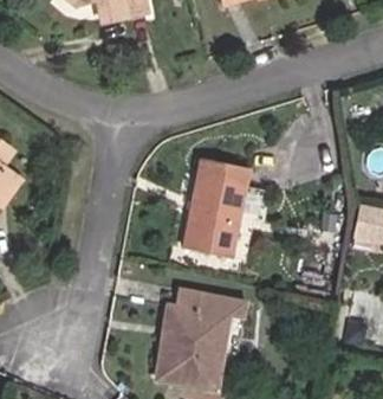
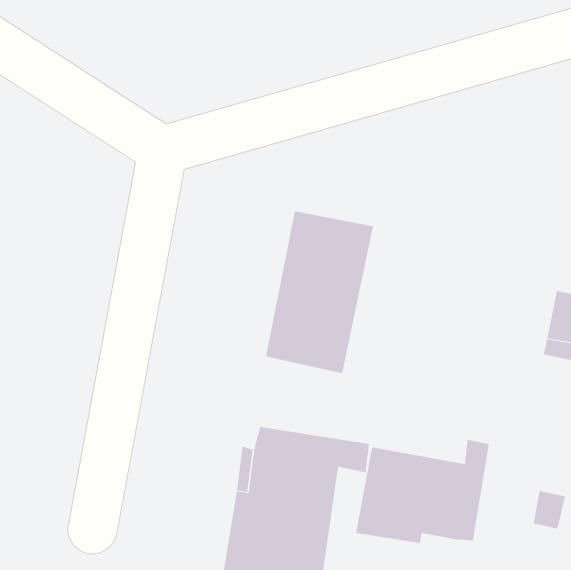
building: none -> [356,439,490,544]

